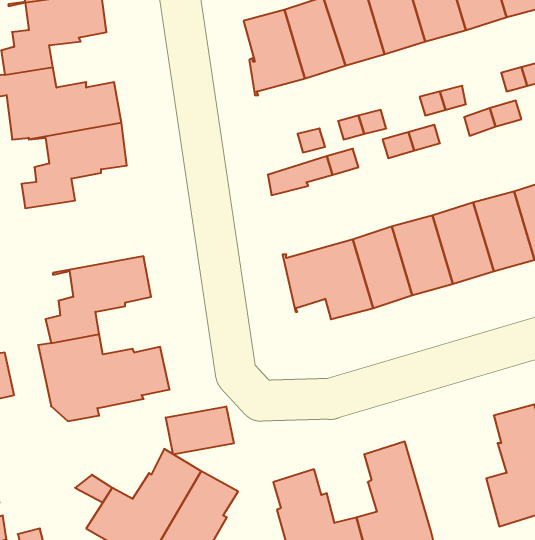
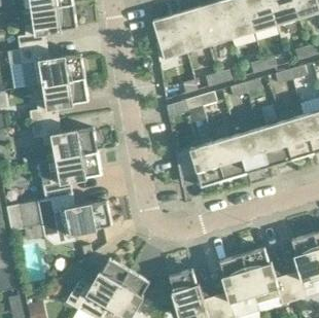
building: none -> [31,120,97,161]
building: [166,406,234,454] -> none
building: none -> [242,248,294,305]

